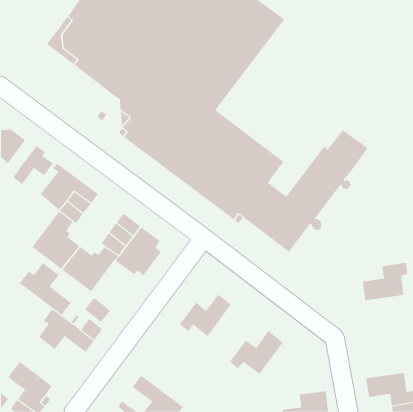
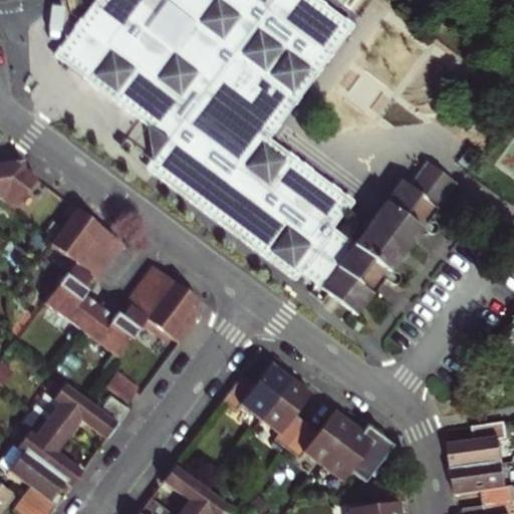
building: [13,145,54,185] -> none
building: [362,262,408,301] -> [451,421,508,469]
building: [19,262,72,316] -> [19,418,84,484]
building: none -> [259,377,309,449]
building: none -> [323,424,391,479]

